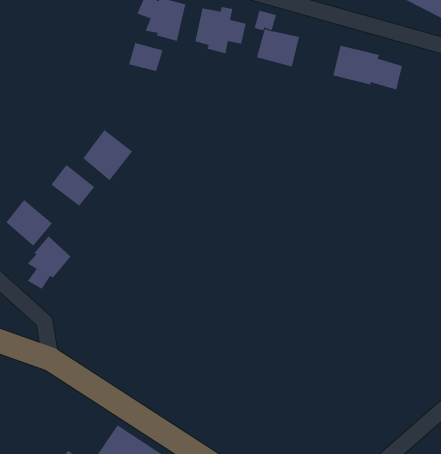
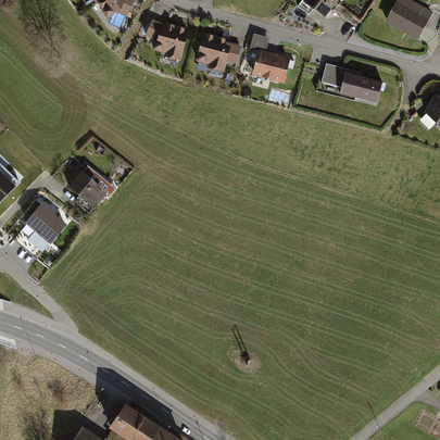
building: [129,42,163,72] -> none
building: [82,129,133,181] -> none
building: [27,235,71,289] -> none

